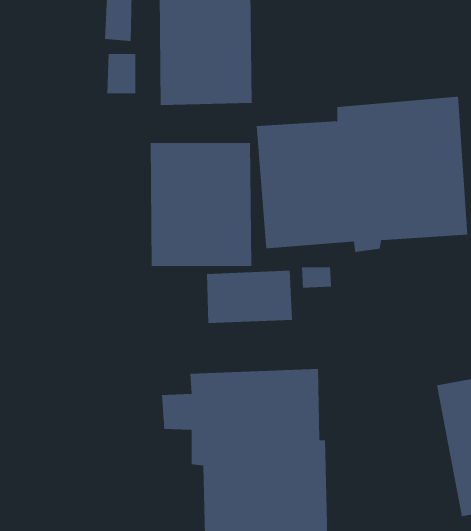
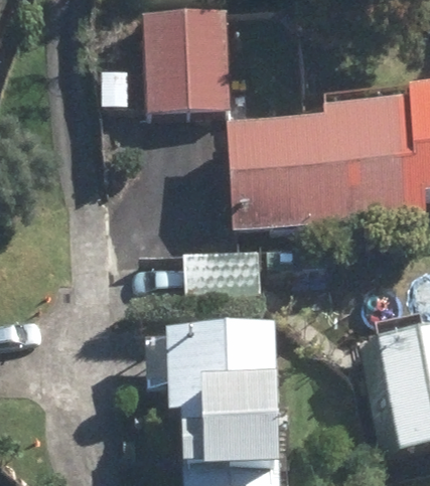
building: [150,142,252,267] -> none

